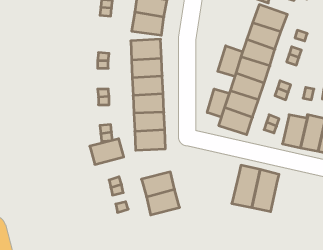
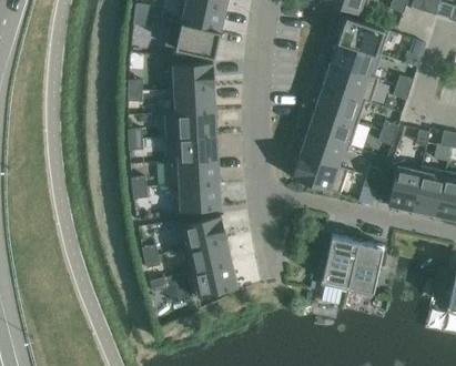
building: [218,46,243,76] -> none
building: [207,89,229,117] -> none
building: [90,139,124,164] -> [183,217,229,252]

